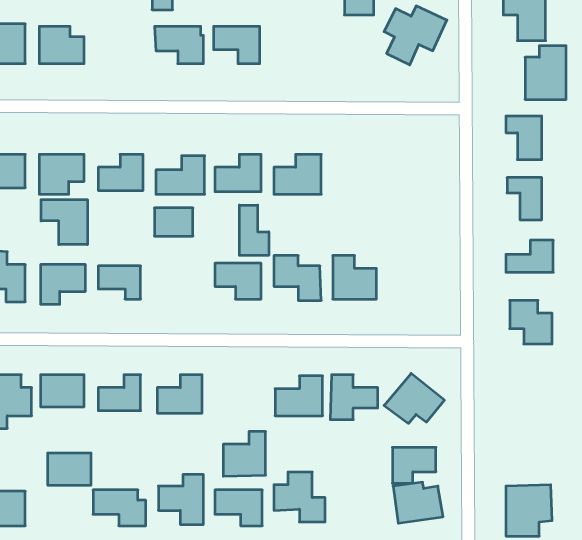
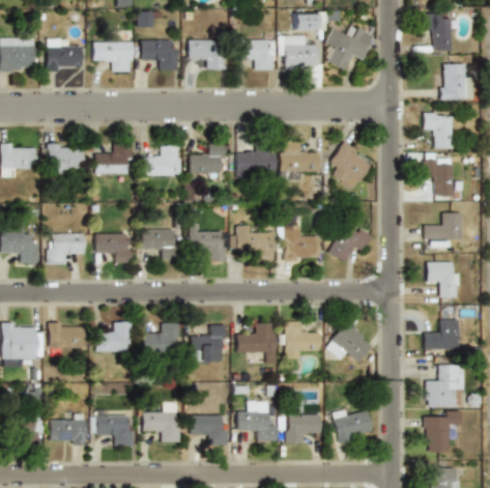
building: none -> [283,35,324,70]
building: none -> [237,40,275,70]
building: none -> [93,42,134,71]
building: none -> [330,141,374,190]
building: none -> [280,142,319,180]
building: [41,200,87,245] -> none
building: [239,205,269,255] -> none
building: [154,208,193,236] -> [143,230,174,253]
building: none -> [327,226,373,263]
building: none -> [425,320,459,350]
building: none -> [425,366,456,407]
building: [223,432,266,476] -> [191,325,225,362]
building: [392,447,436,483] -> [285,414,320,443]
building: [48,453,91,485] -> [48,419,83,444]

